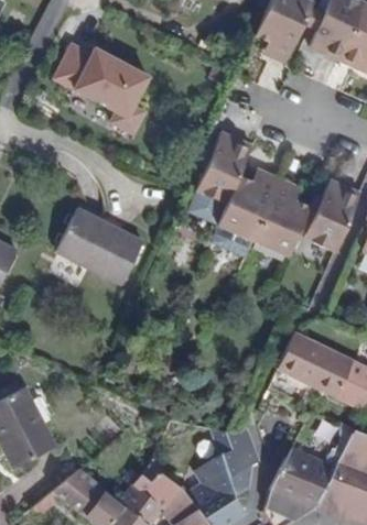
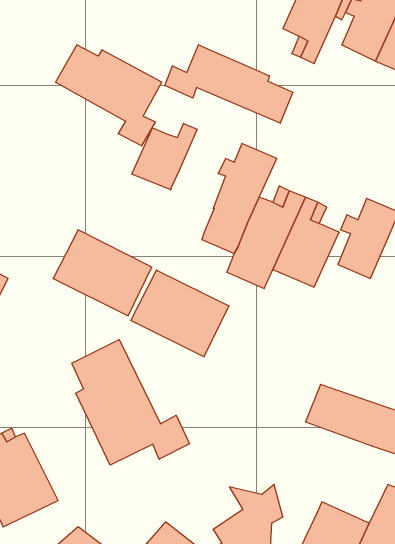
building: none -> [165,45,293,123]
building: none -> [132,123,197,190]
building: none -> [131,270,229,357]
building: none -> [72,340,189,465]

